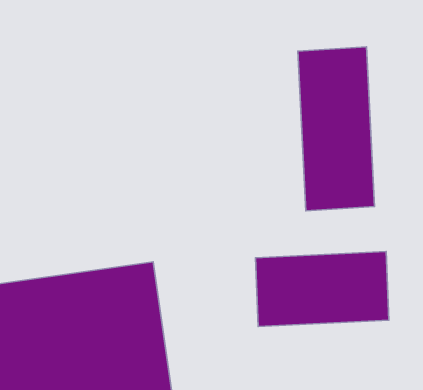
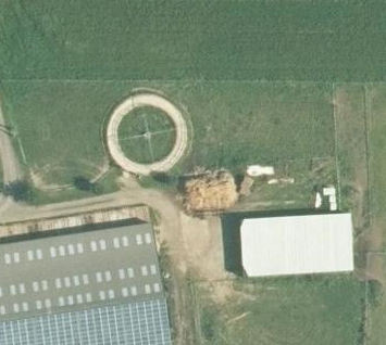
building: [298,47,374,211] -> none

